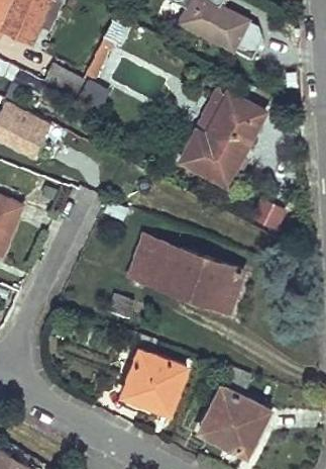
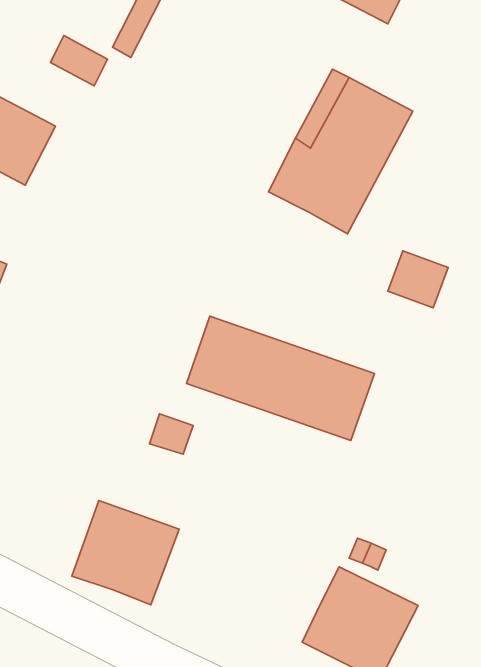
building: [122,350,187,412] -> [72,501,179,605]

